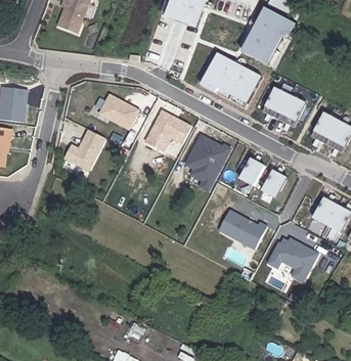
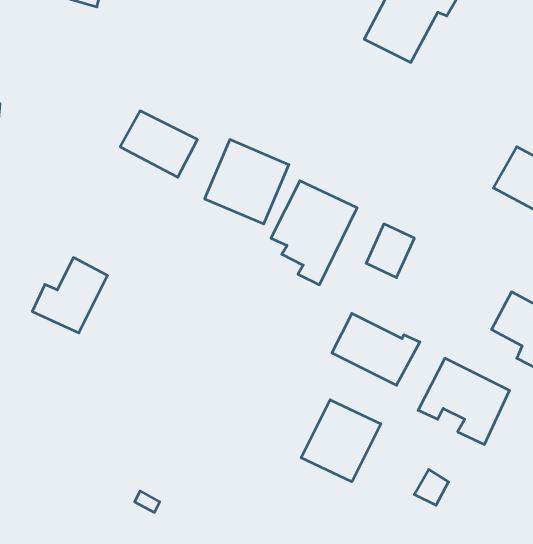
building: [198,51,259,103] -> none
building: [261,88,306,128] -> none
building: [63,127,106,170] -> [32,258,108,333]
building: [259,168,286,197] -> none
building: none -> [301,400,381,482]

